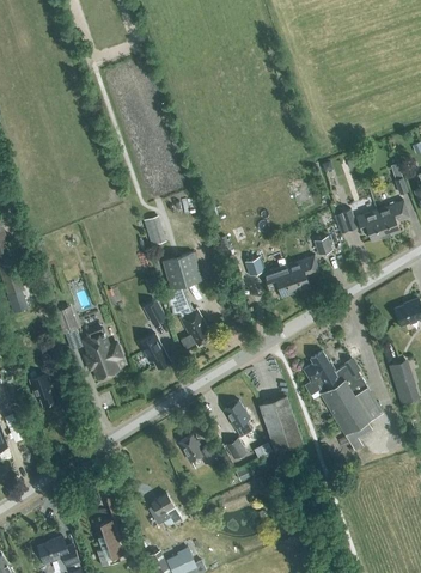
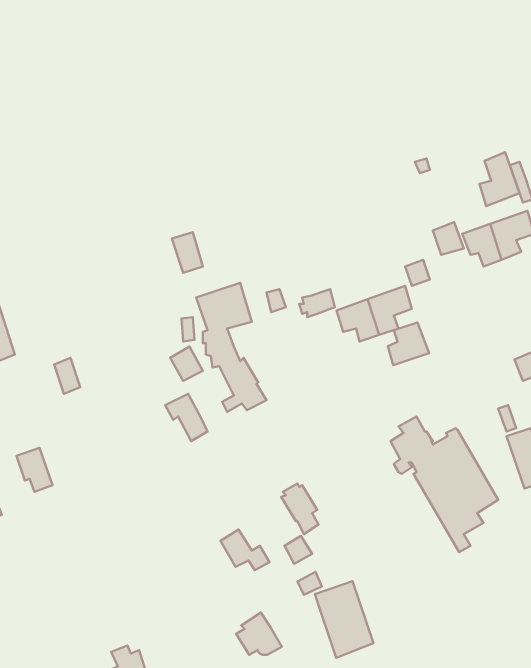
building: none -> [480,152,519,206]
building: none -> [388,322,429,365]
building: [84,328,122,378] -> none
building: [260,395,303,451] -> [315,581,374,658]
building: [148,493,182,524] -> [236,612,282,655]

